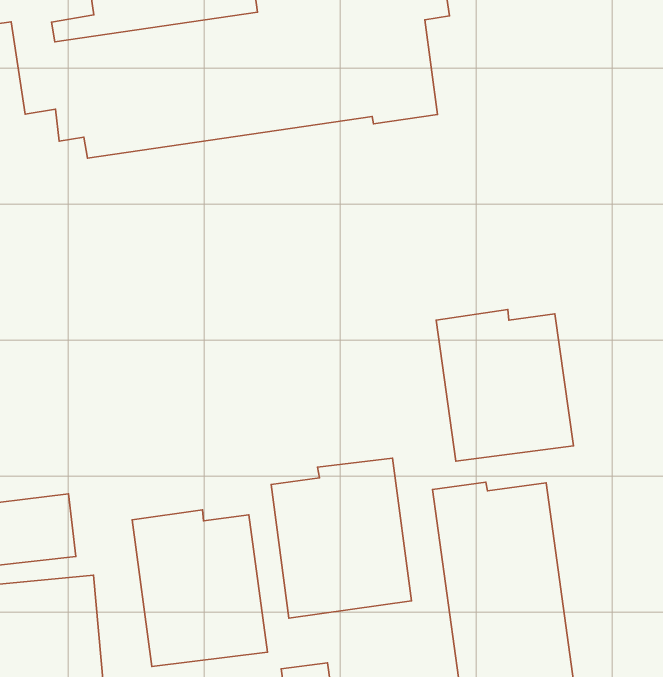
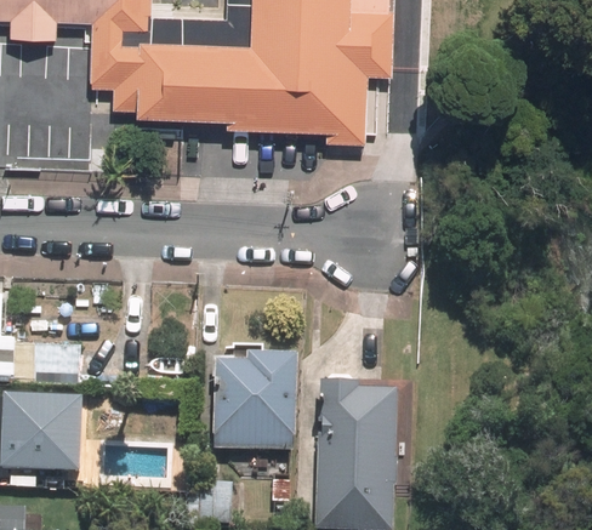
building: [436,309,573,461] -> none
building: [132,510,267,666] -> none

